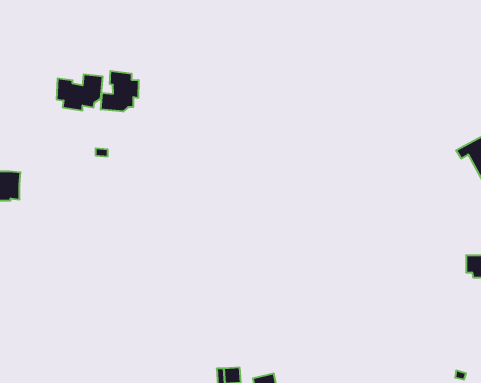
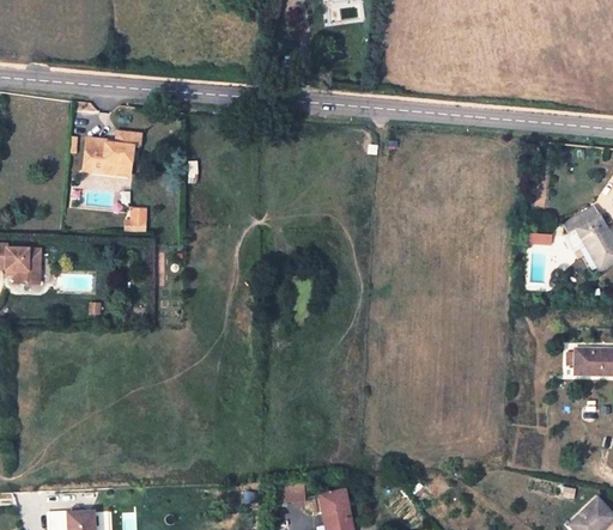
building: [101,71,139,112] -> none

